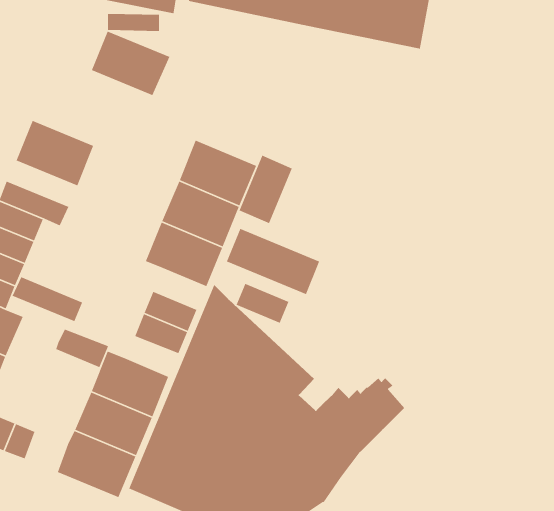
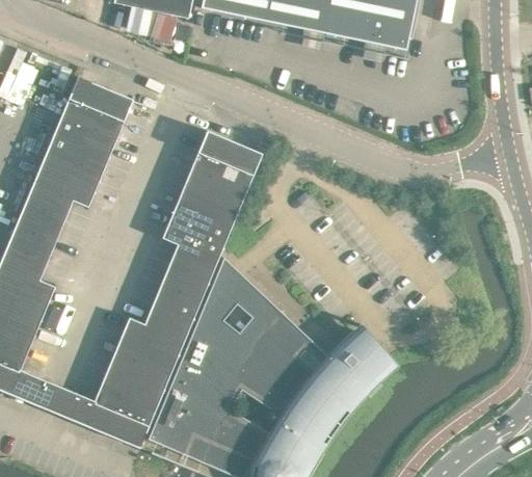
building: [91,31,170,96] -> [62,76,133,134]
building: [238,155,293,224] -> none
building: [226,228,320,295] -> none
building: [12,276,83,322] -> [39,148,103,188]
building: [236,283,290,324] -> [169,243,217,280]
building: [55,328,109,368] -> [144,303,192,339]
building: none -> [56,388,94,424]

